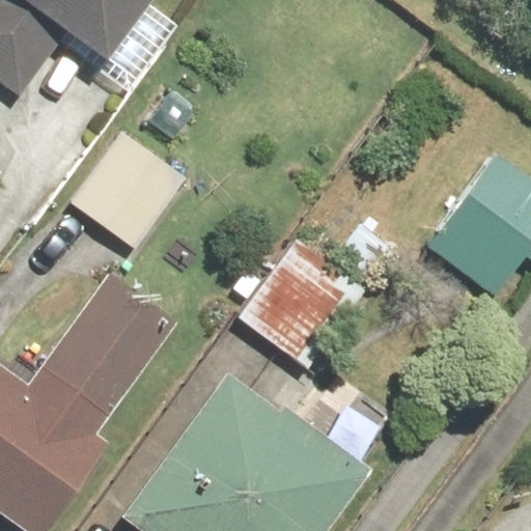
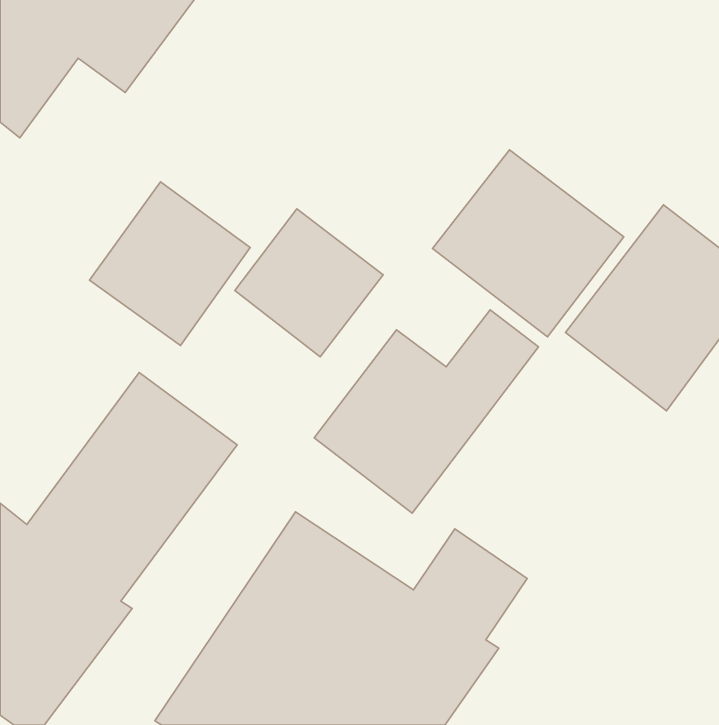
building: none -> [432,150,624,337]
building: none -> [235,209,383,357]

